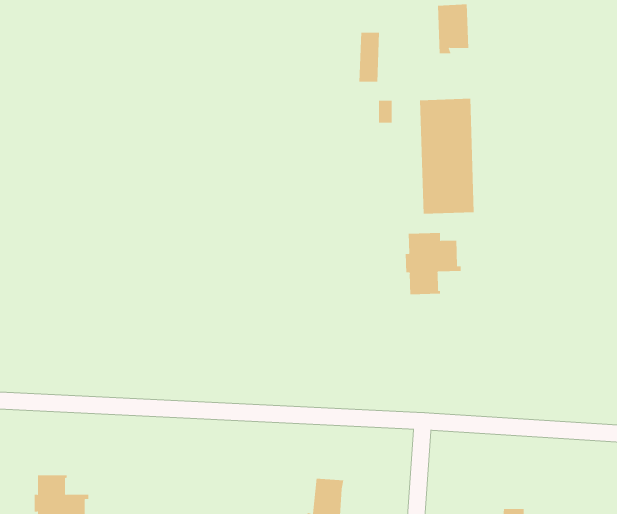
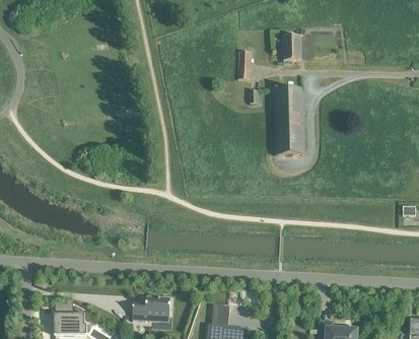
building: [405,232,461,295] -> none
building: none -> [133,296,170,320]

